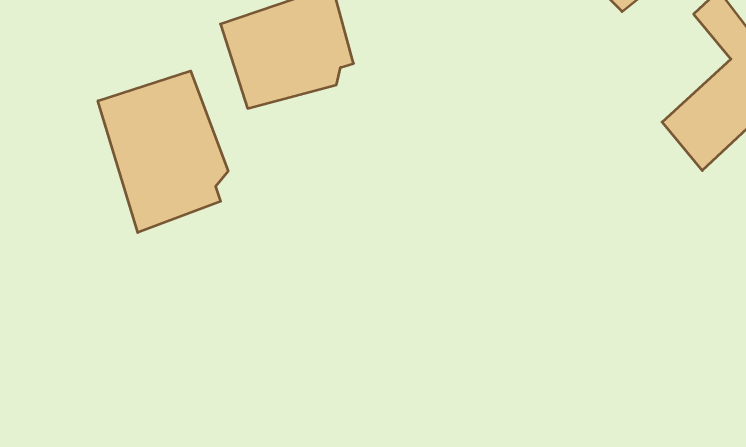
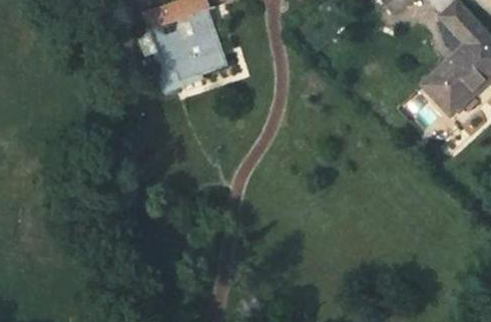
building: [98,71,228,233] -> none

